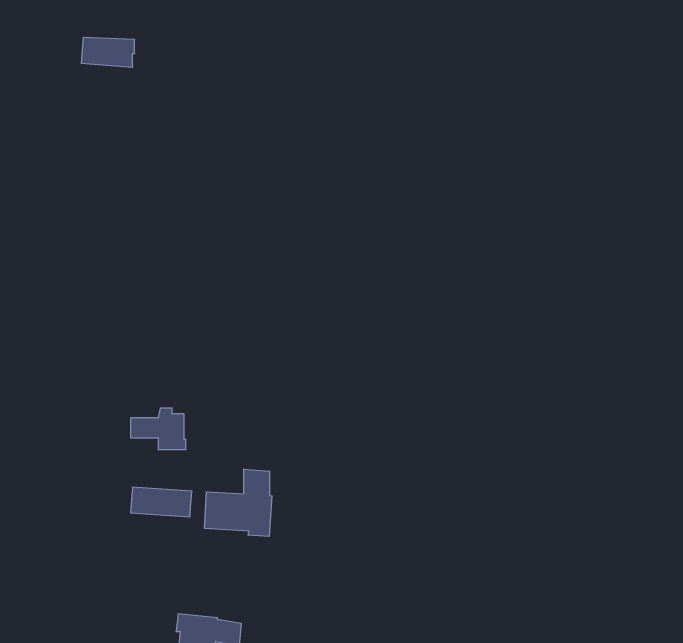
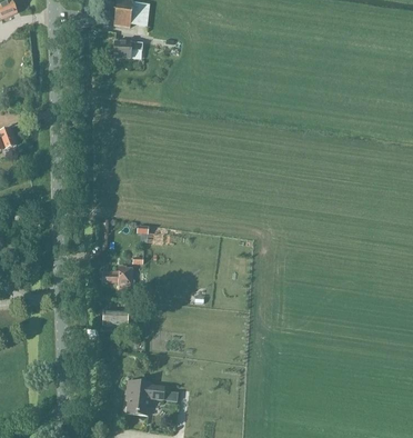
building: [81,38,135,67] -> [112,41,142,58]
building: [205,469,272,536] -> none

